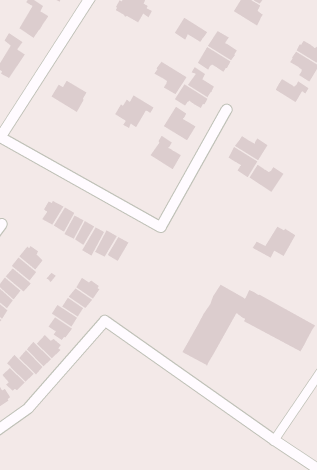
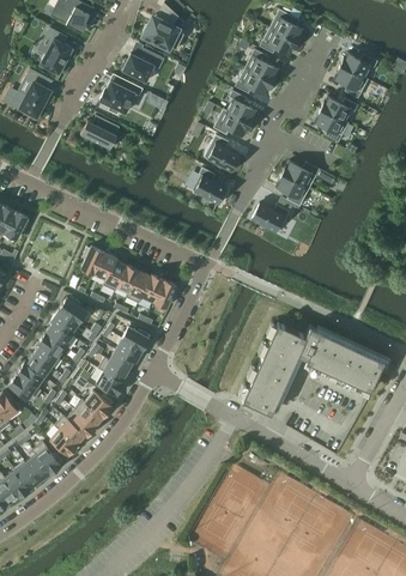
building: [174,17,208,43] -> [261,29,298,55]
building: none -> [122,49,165,83]
building: [154,61,187,95] -> none
building: none -> [315,110,350,143]
building: [114,95,155,129] -> [101,78,144,115]
building: [248,164,284,193] -> [253,204,291,234]
building: [252,226,296,258] -> none

